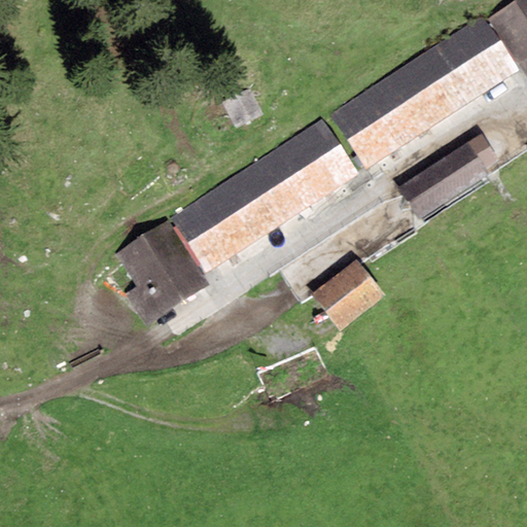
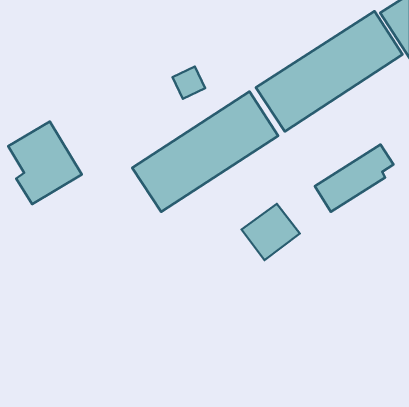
building: [398,134,499,220] -> [315,145,393,212]
building: [116,219,211,325] -> [8,121,82,204]

